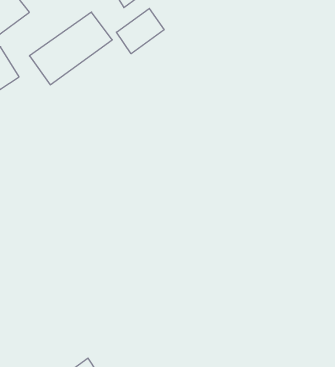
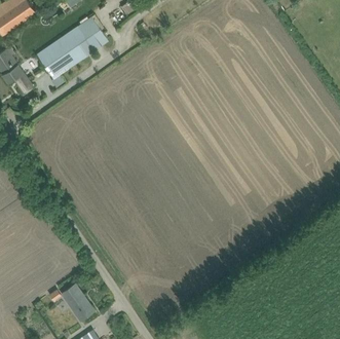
building: [116,8,164,54] -> none
building: none -> [60,284,95,322]

